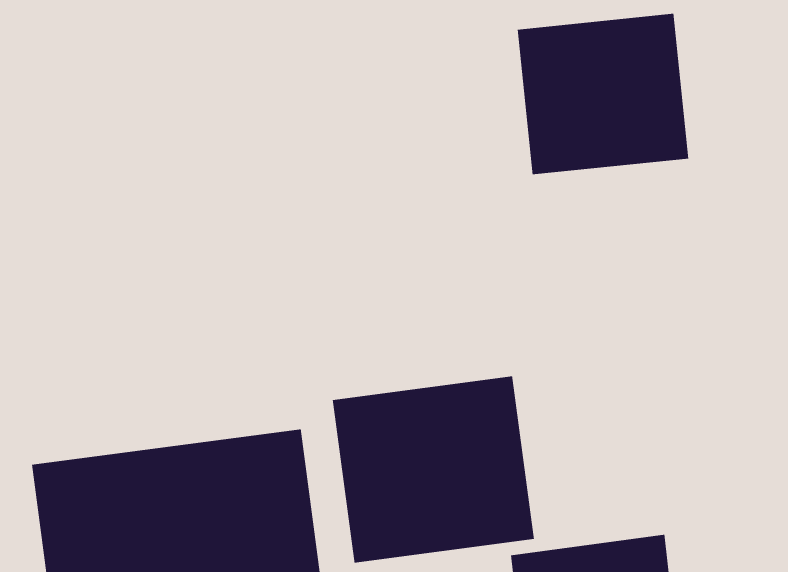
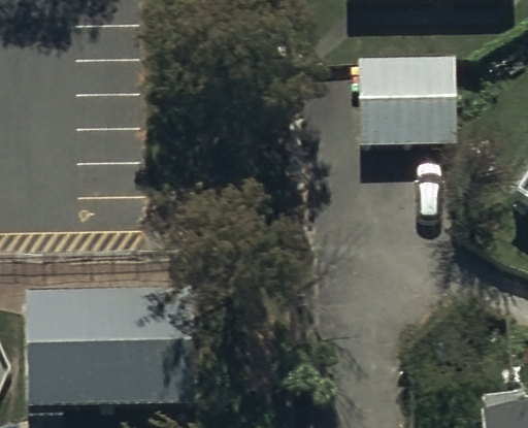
building: [332,375,534,563] -> none

